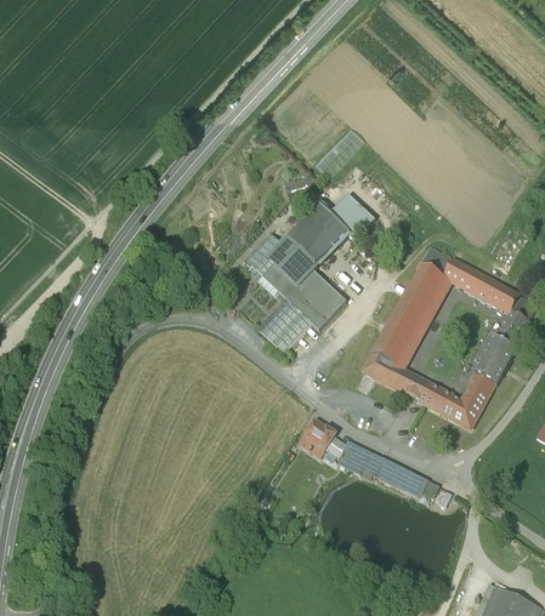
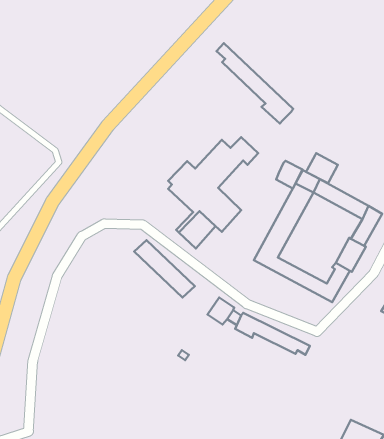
building: none -> [216,43,293,123]
building: none -> [306,153,338,183]
building: none -> [276,161,302,189]
building: none -> [134,240,195,298]

